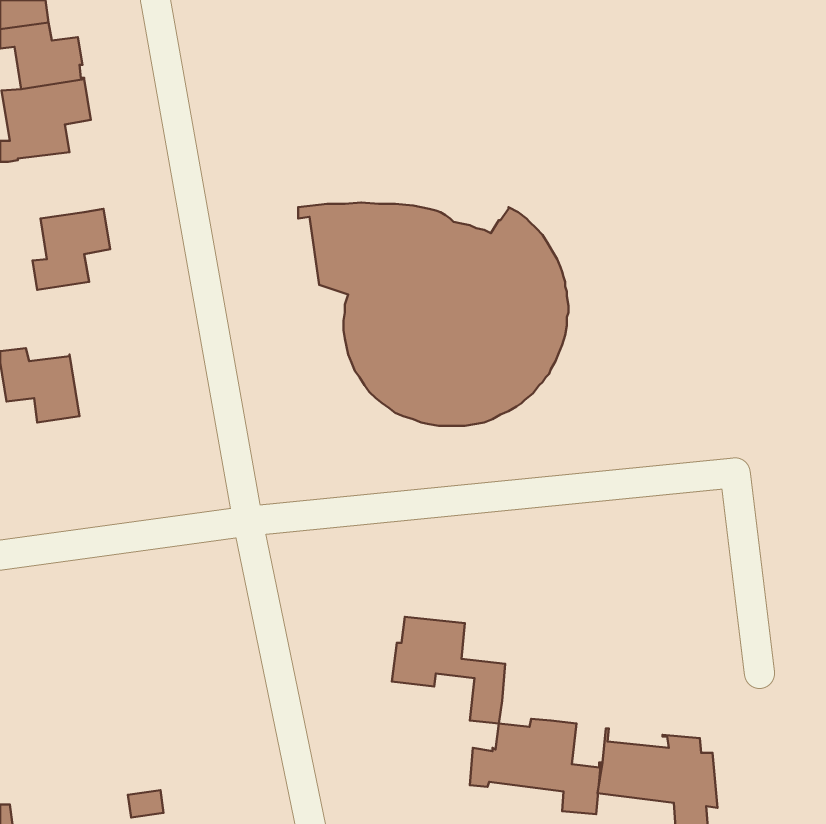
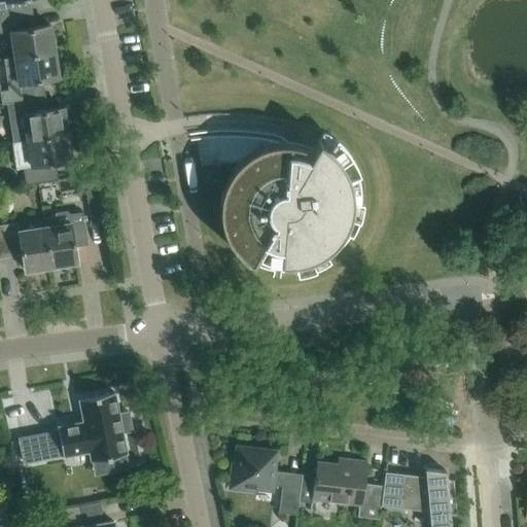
building: none -> [6,99,67,144]
building: none -> [43,212,87,267]
building: none -> [20,393,132,463]
building: [392,617,505,724] -> [230,448,302,516]

